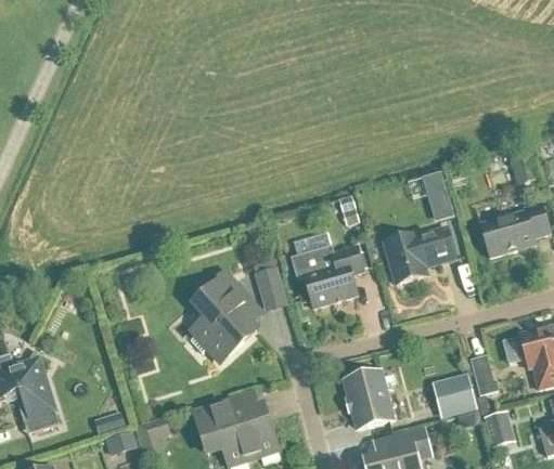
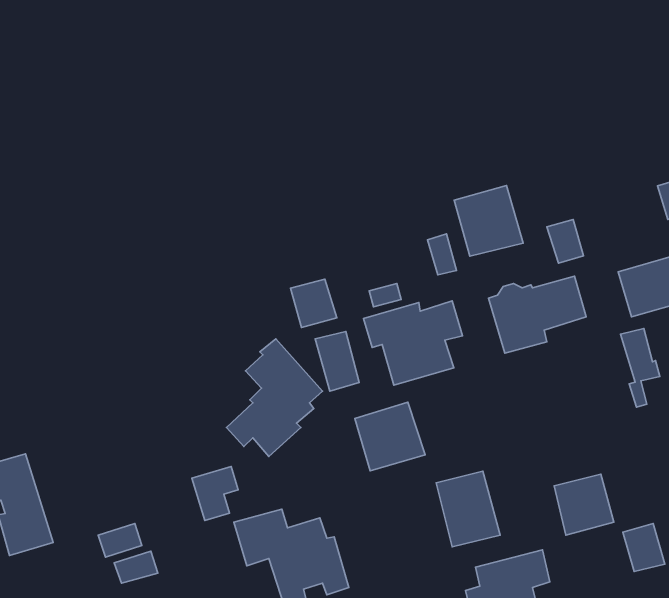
building: none -> [454,185,523,256]
building: none -> [291,279,337,327]
building: none -> [355,402,425,471]
building: [469,354,499,413] -> [621,328,660,407]
building: [136,416,170,456] -> [192,467,238,520]

